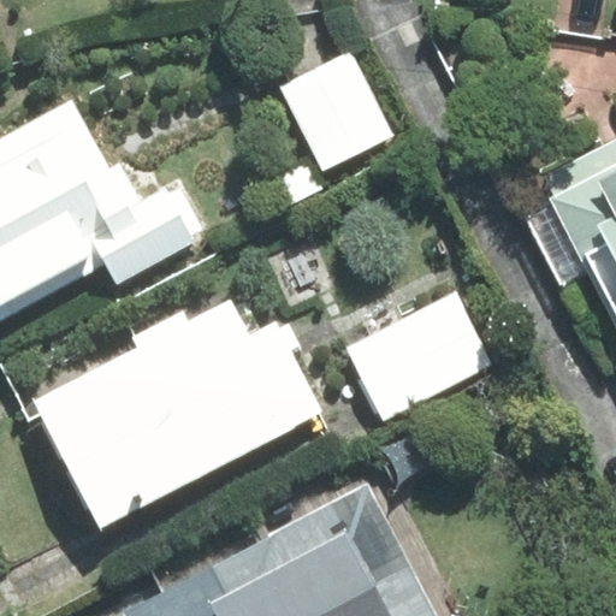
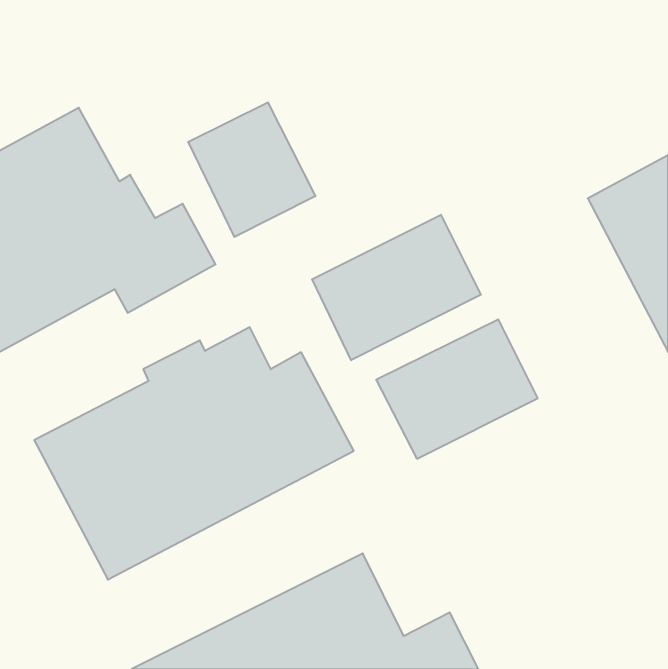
building: [278,49,395,172] -> [188,103,316,237]
building: none -> [312,215,481,360]

